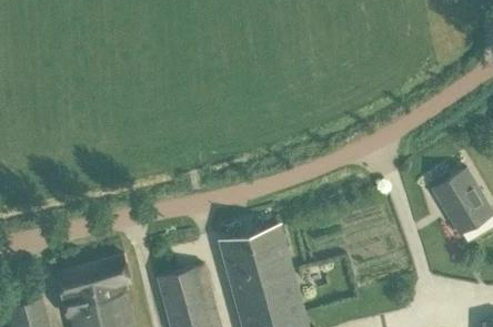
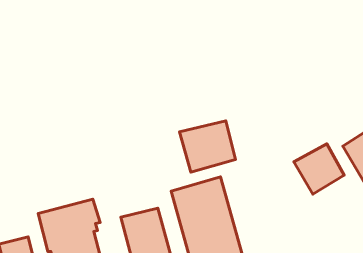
building: none -> [179,121,235,172]
building: none -> [294,144,344,194]

